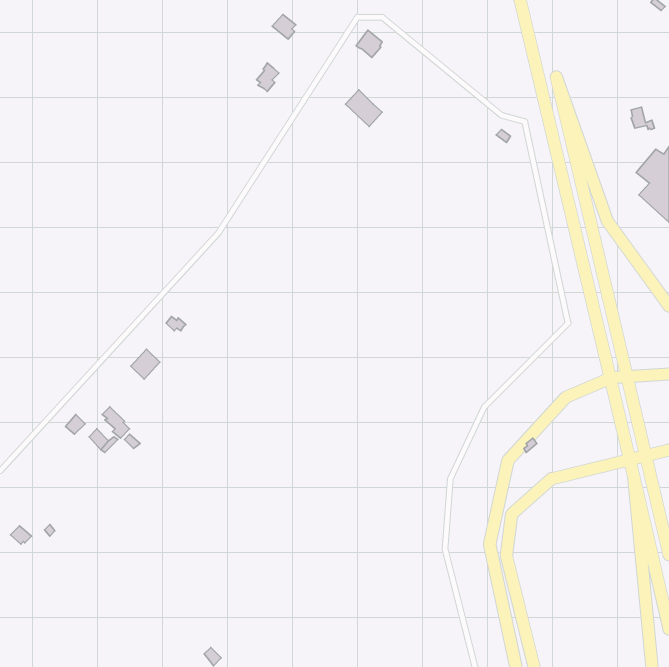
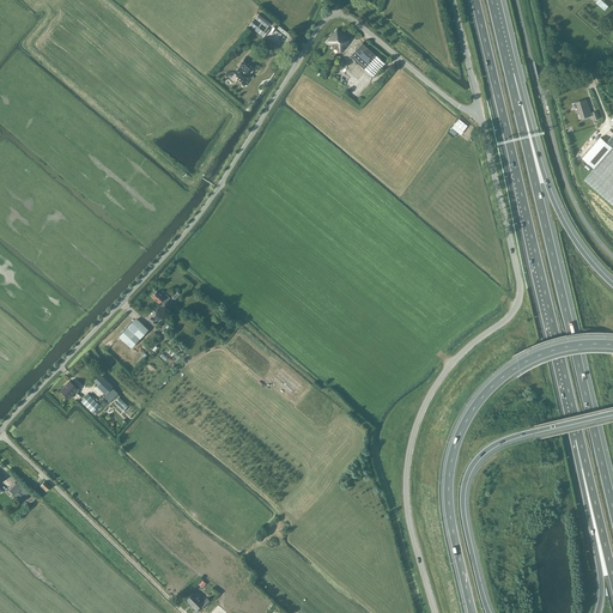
building: [346,90,382,126] -> [351,42,384,75]

